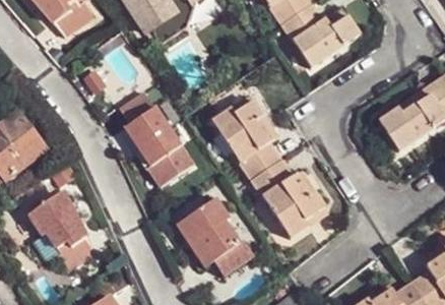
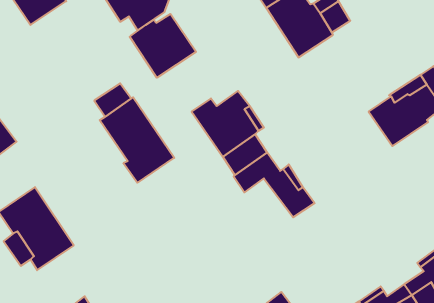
building: none -> [130,14,196,78]
building: [260,182,310,238] -> none
building: [175,197,254,274] -> none

